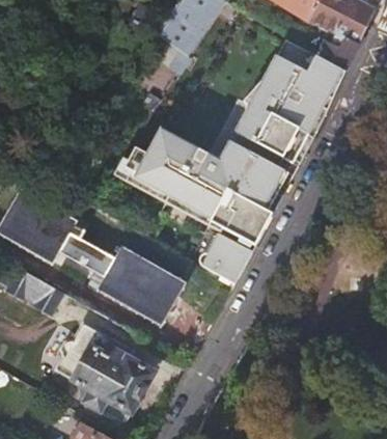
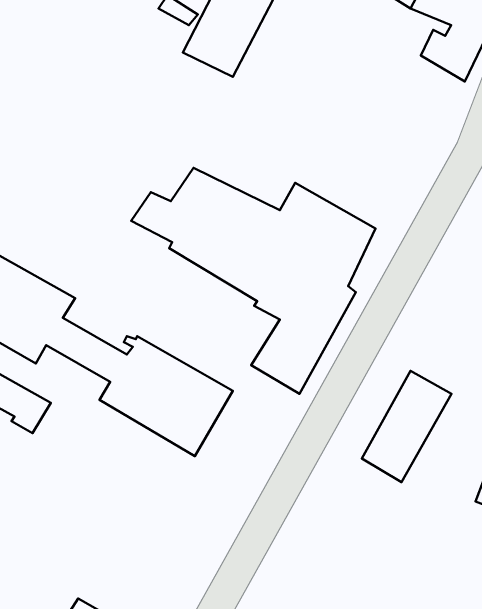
building: [236,39,347,161] -> none
building: none -> [362,371,451,482]
building: [57,329,154,422] -> none

